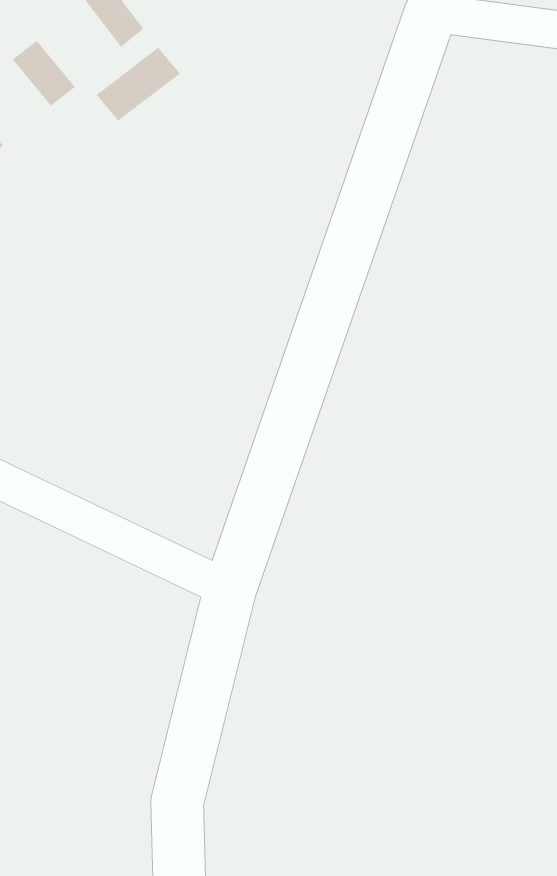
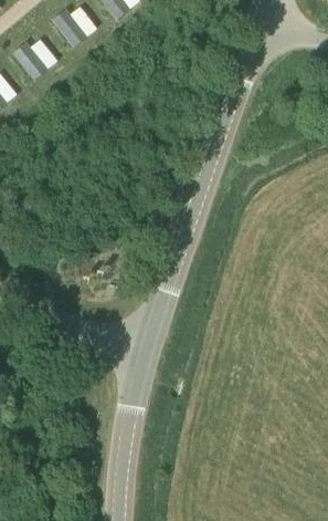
building: [96,47,181,121] -> none

